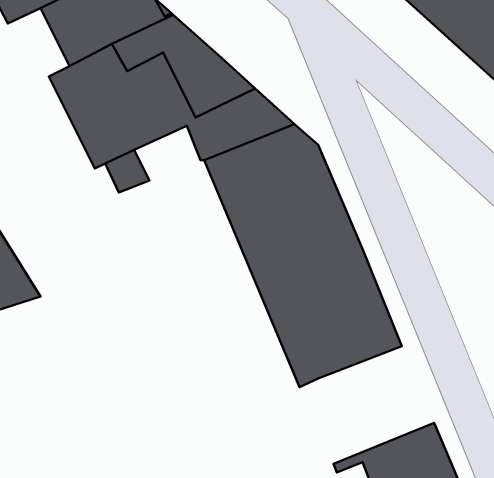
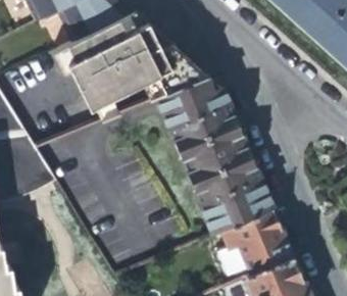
building: none -> [220,211,294,282]

